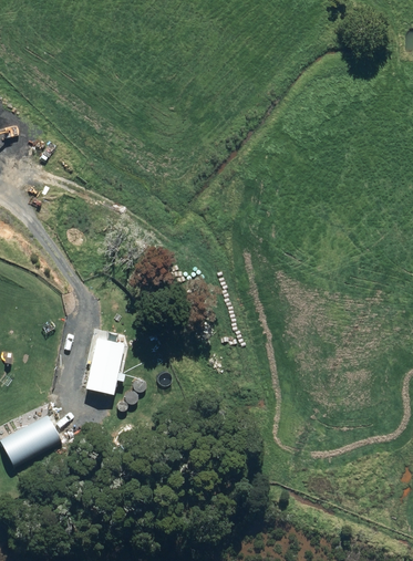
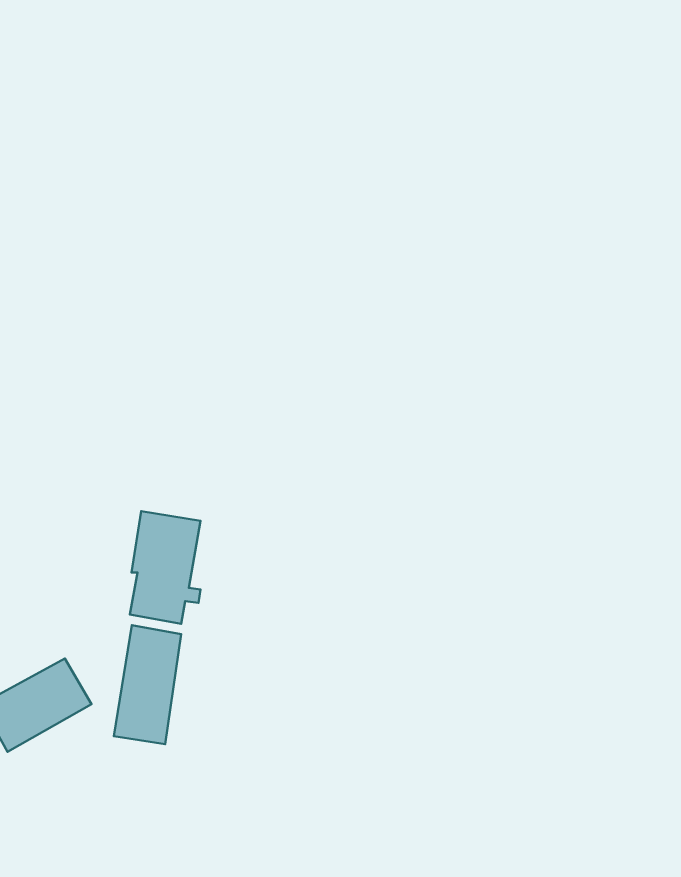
building: none -> [114,625,181,744]

